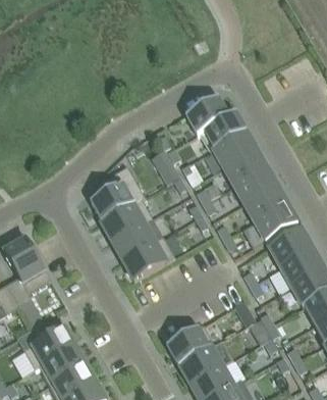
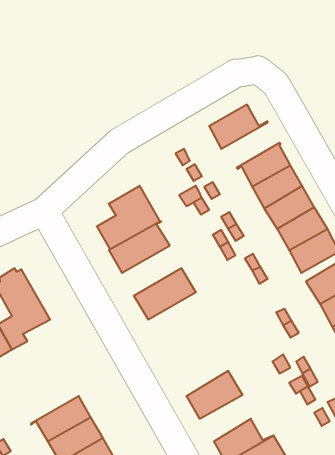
building: [196,111,246,150] -> none
building: [111,216,162,259] -> none
building: [22,326,74,368] -> none
building: [177,344,221,384] -> none

